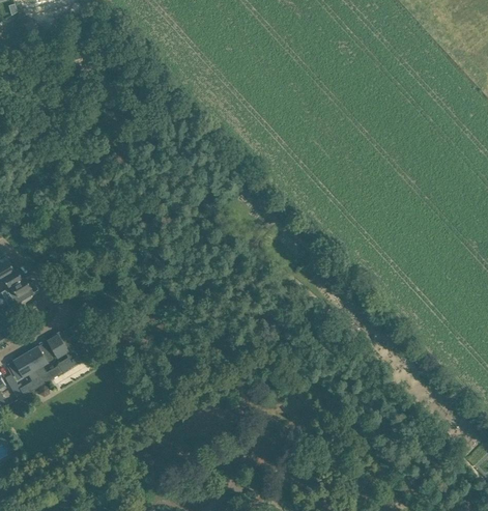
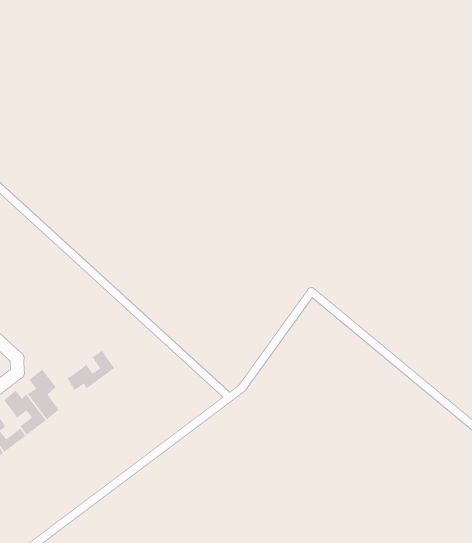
building: none -> [67,350,115,391]

